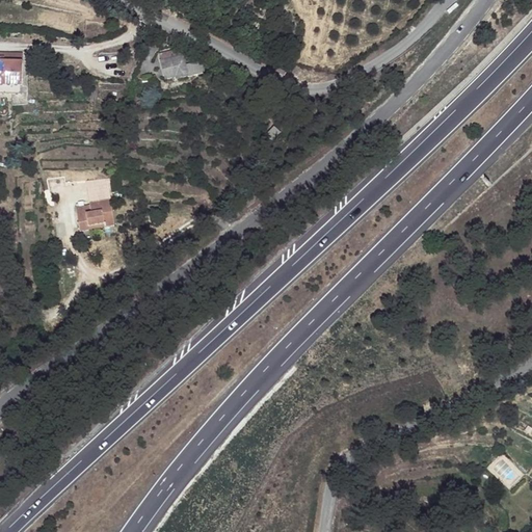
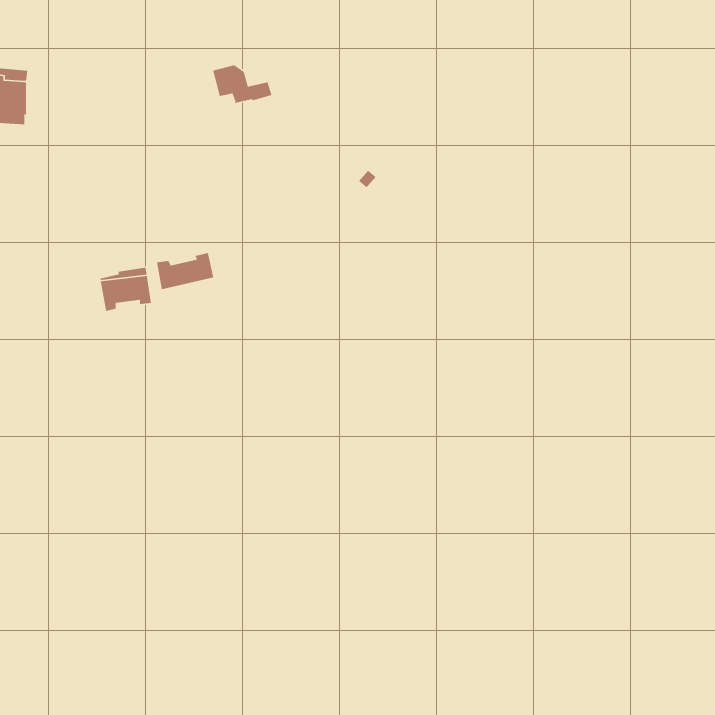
building: none -> [156,252,214,290]

